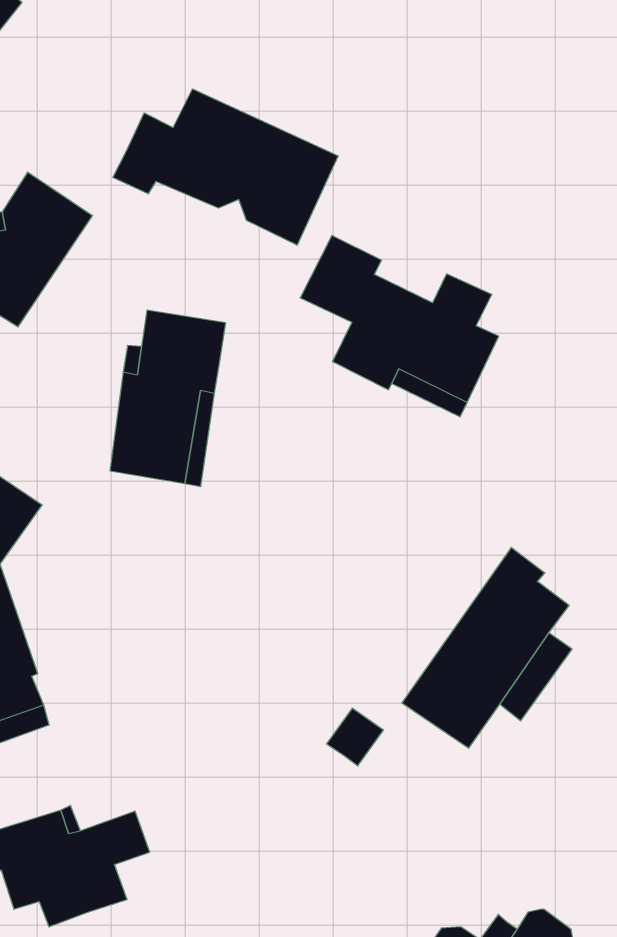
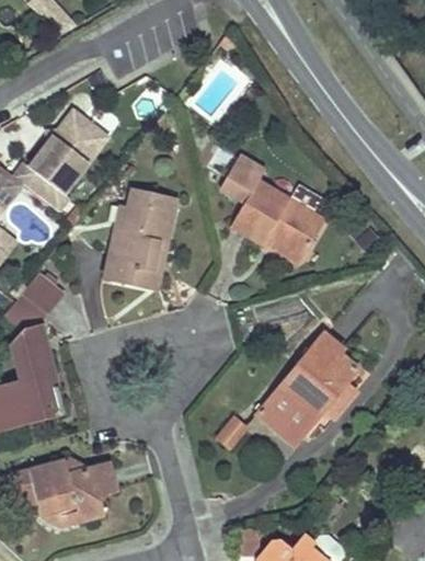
building: [113,89,338,245] -> none

